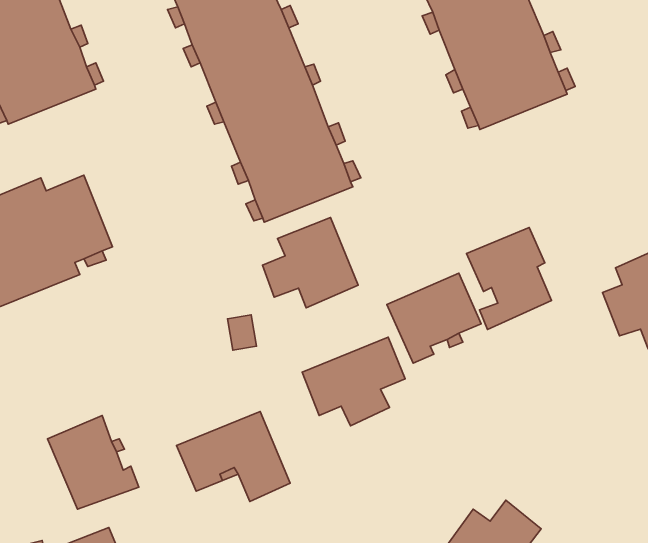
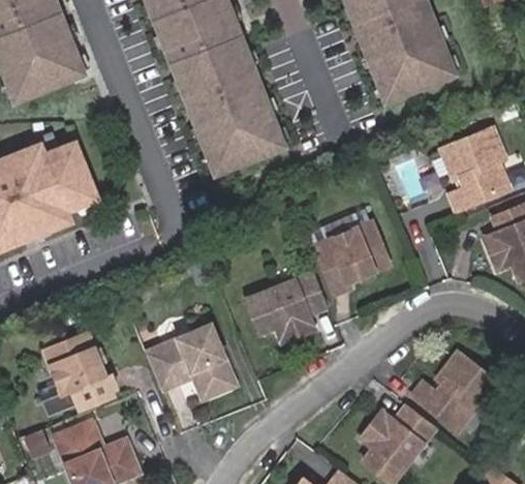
building: [262,217,358,308] -> none
building: [467,228,551,329] -> [438,129,505,210]
building: none -> [413,347,503,426]

